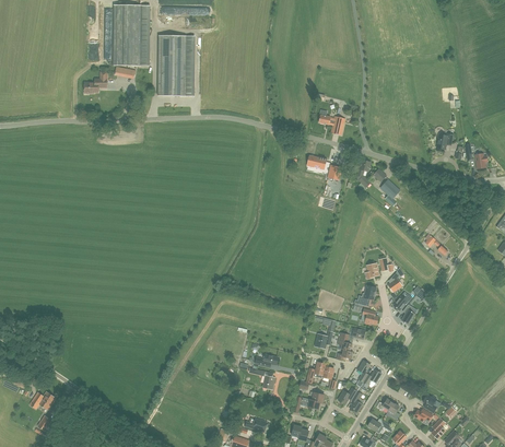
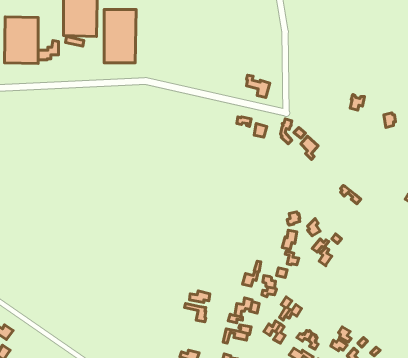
building: none -> [4,17,38,64]

